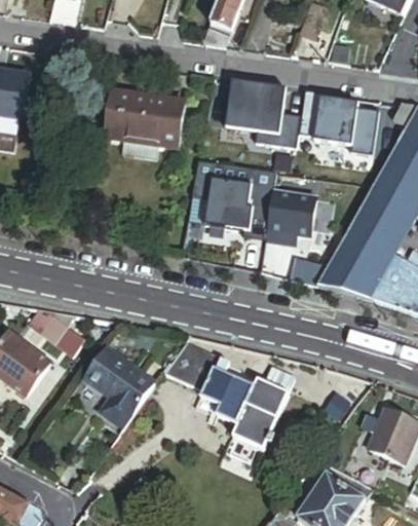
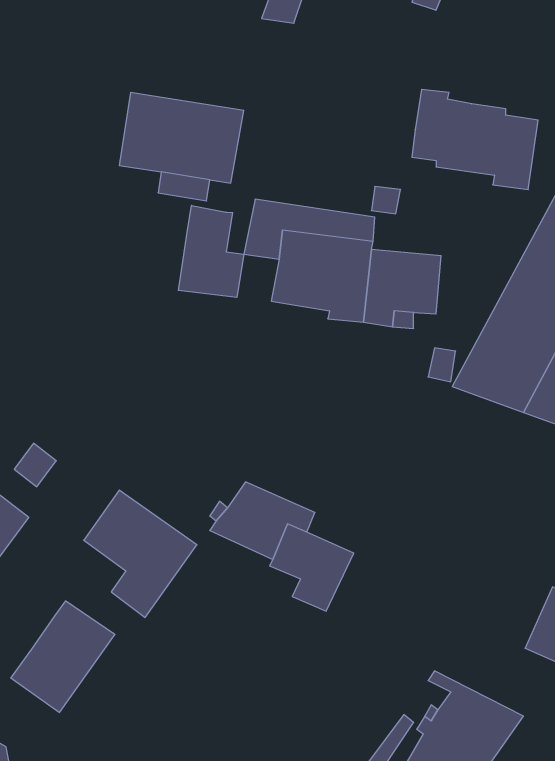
building: [228,79,298,147] -> none
building: none -> [178,205,244,297]
building: [237,376,293,447] -> none
building: none -> [11,601,115,713]

